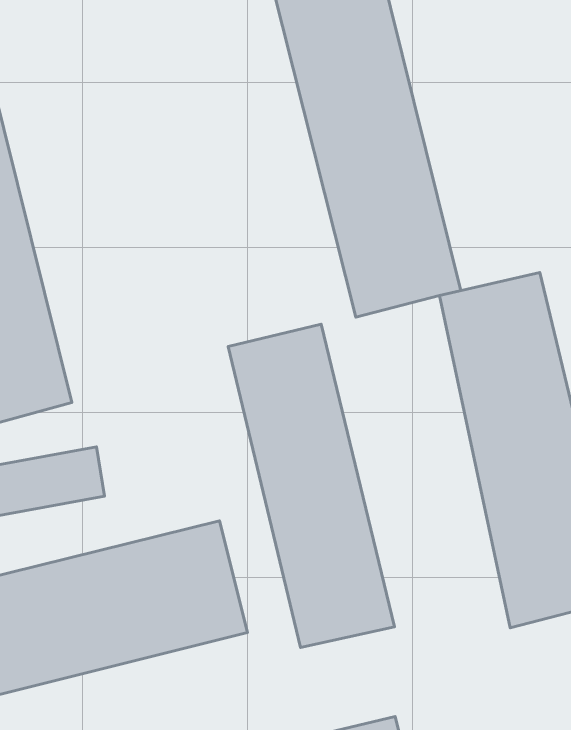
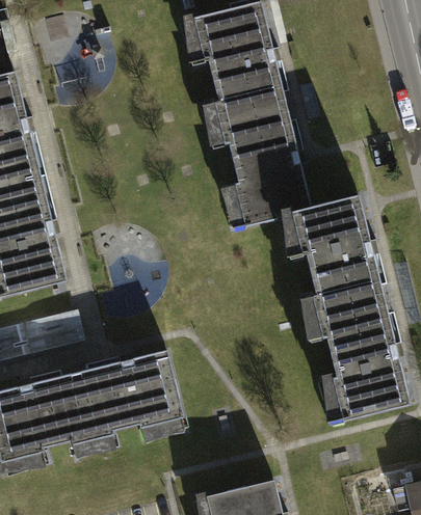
building: [228,324,394,647] -> none

